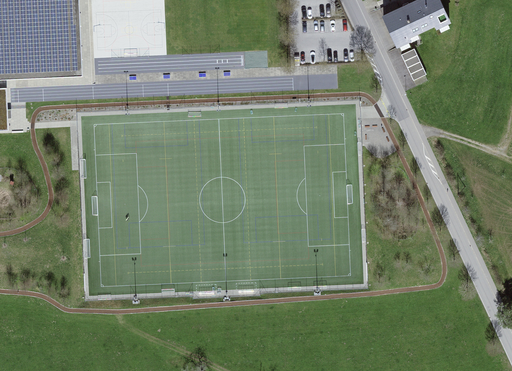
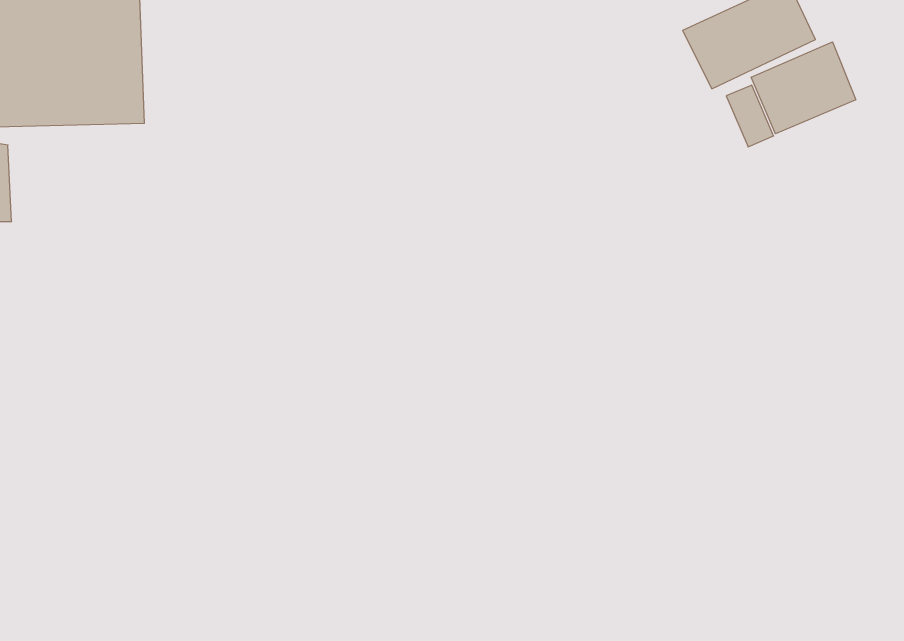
building: none -> [751,42,856,134]

